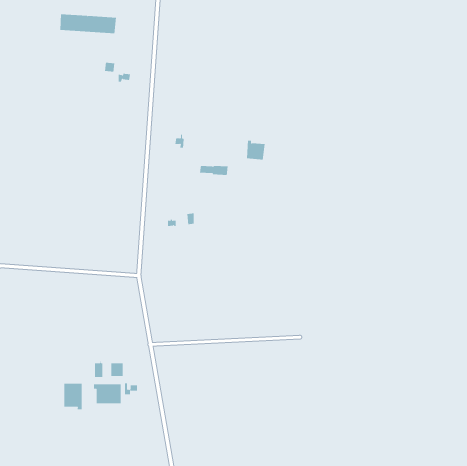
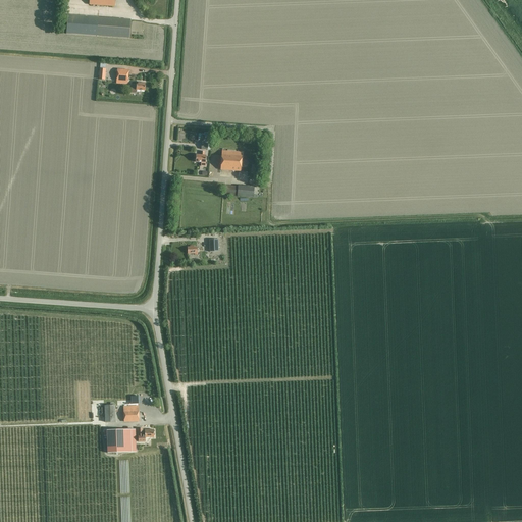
building: [246,140,265,160] -> [220,148,242,170]
building: [64,383,82,410] -> none

